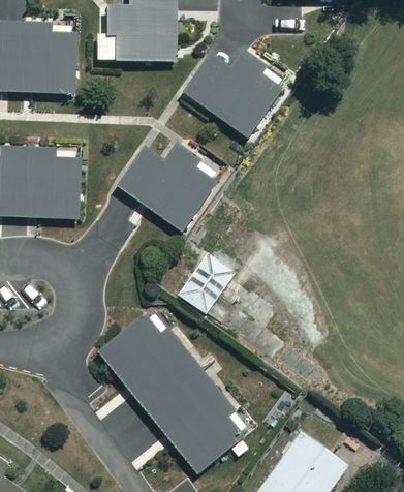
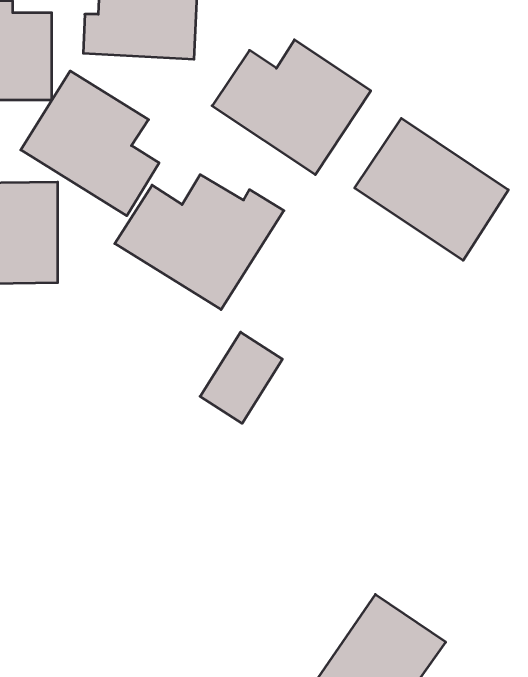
building: none -> [21,71,159,216]
building: none -> [355,118,508,260]
building: [107,311,252,470] -> none

